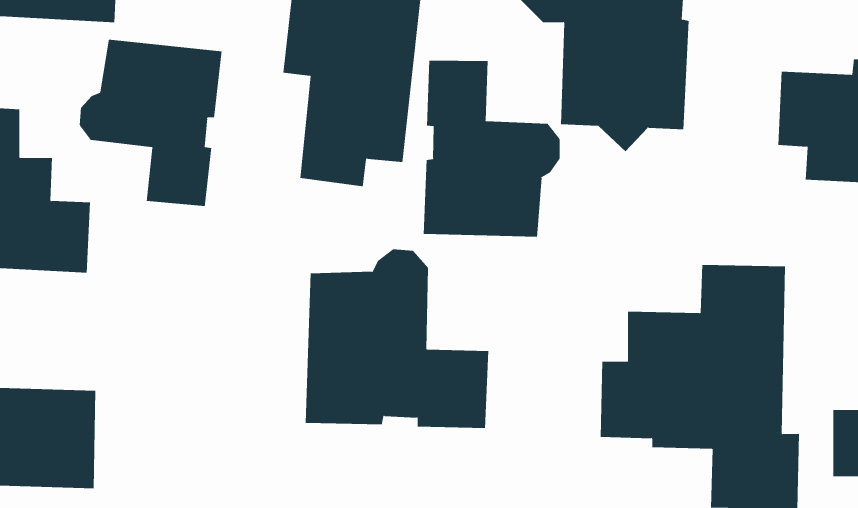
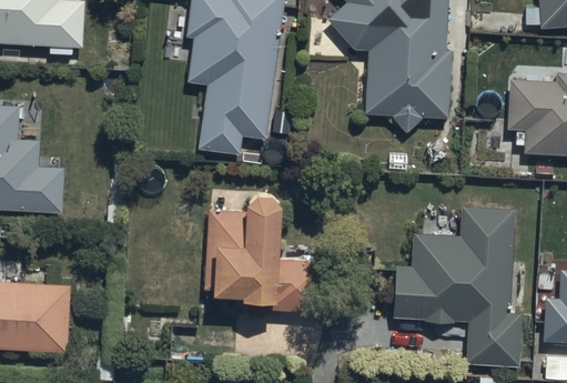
building: [79,39,222,207] -> none
building: [423,60,560,238] -> none

